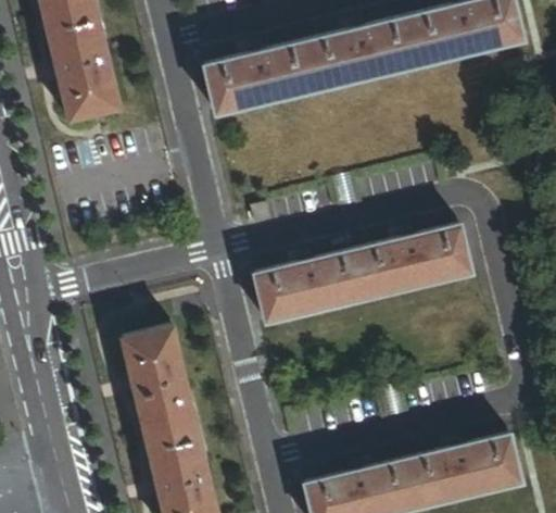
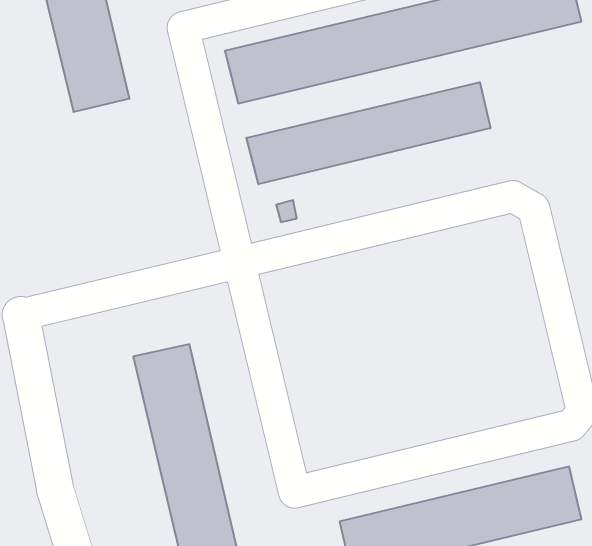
building: none -> [246,82,490,184]
building: [253,226,469,322] -> none

